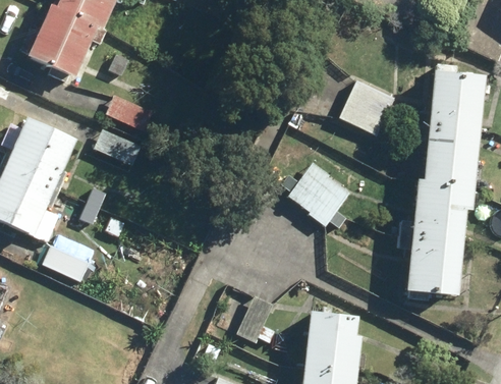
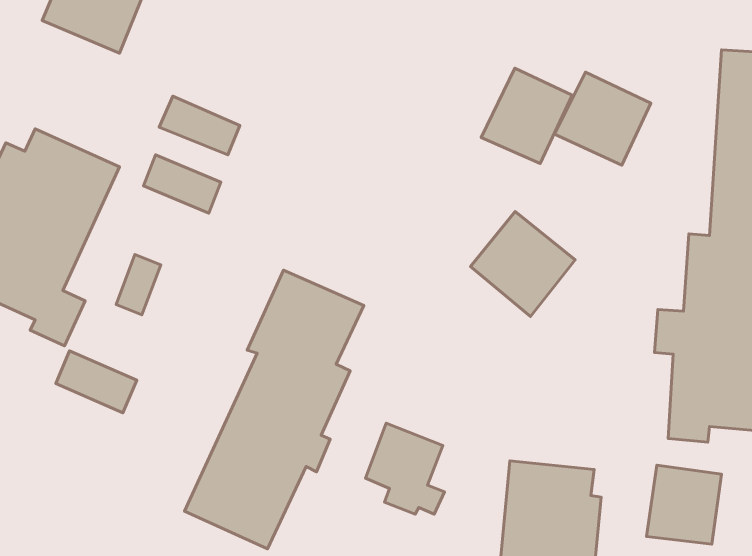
building: none -> [481,68,572,164]
building: none -> [185,270,364,549]
building: none -> [646,465,721,544]

